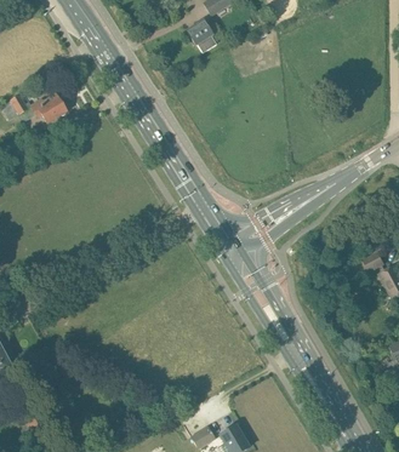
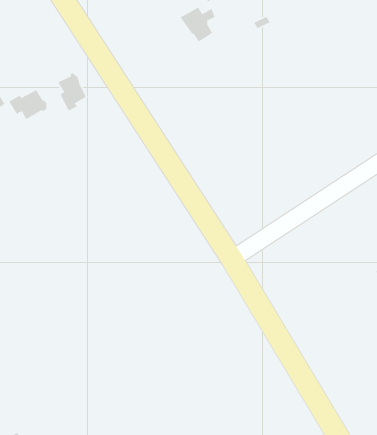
building: none -> [57,72,87,112]

